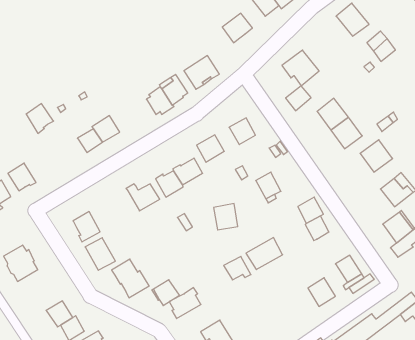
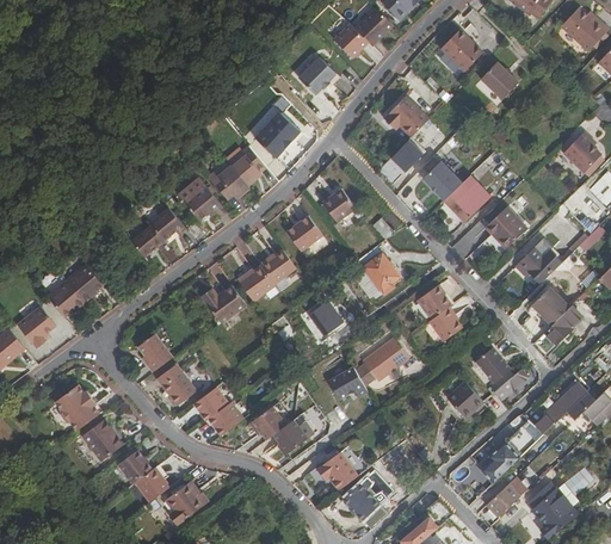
building: none -> [177,179,221,222]
building: [26,104,54,133] -> [67,266,103,304]
building: none -> [82,420,123,460]

